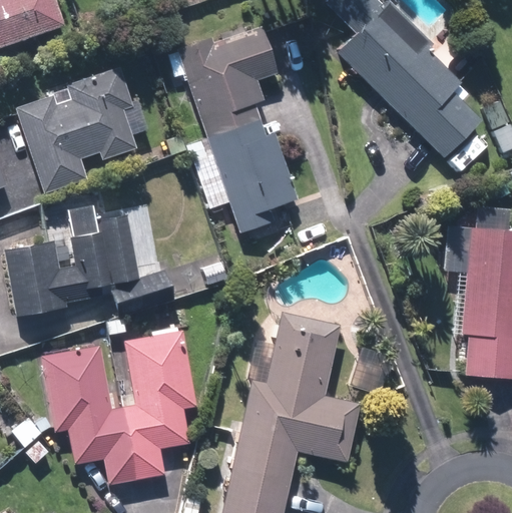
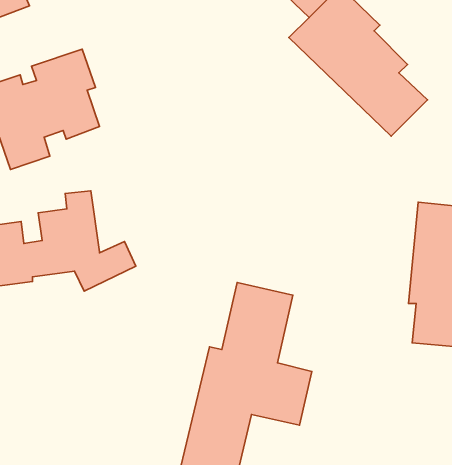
building: [168,27,301,234] -> none
building: [40,329,198,484] -> none

